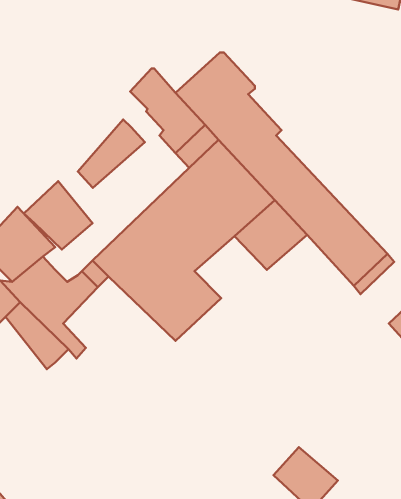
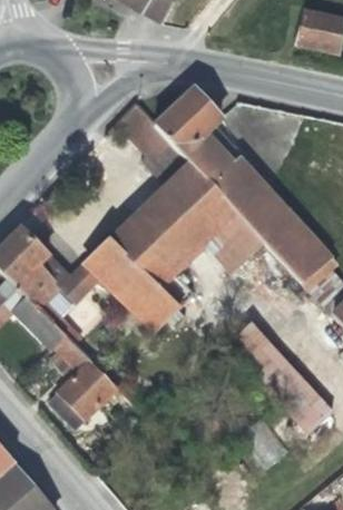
building: [78,119,145,188] -> none
building: [24,181,93,250] -> none
building: none -> [227,320,334,430]
building: none -> [49,336,121,429]

